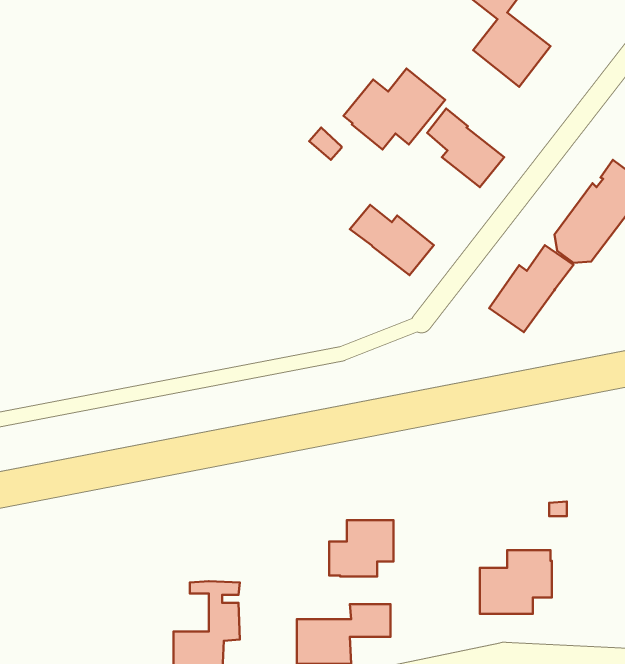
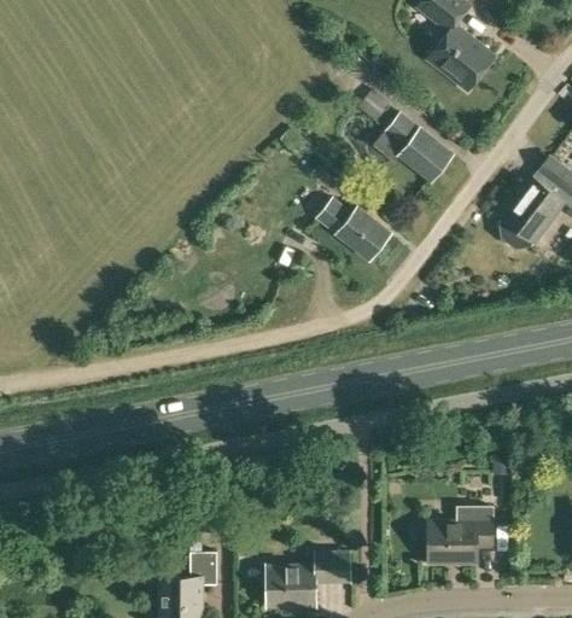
building: [344,68,445,149] -> none
building: [489,245,574,332] -> none
building: [329,520,393,577] -> none

